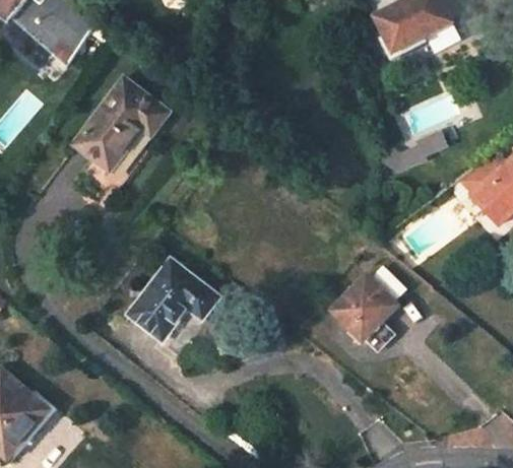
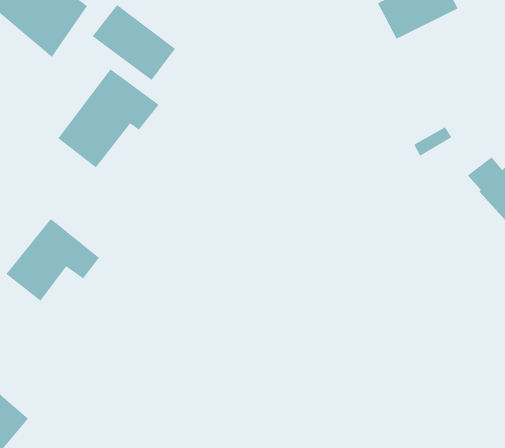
building: none -> [92,4,176,81]
building: [129,261,218,340] -> [5,218,100,302]
building: [332,274,396,338] -> none

